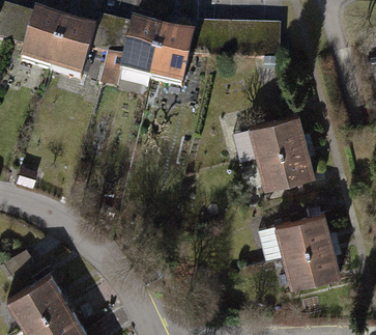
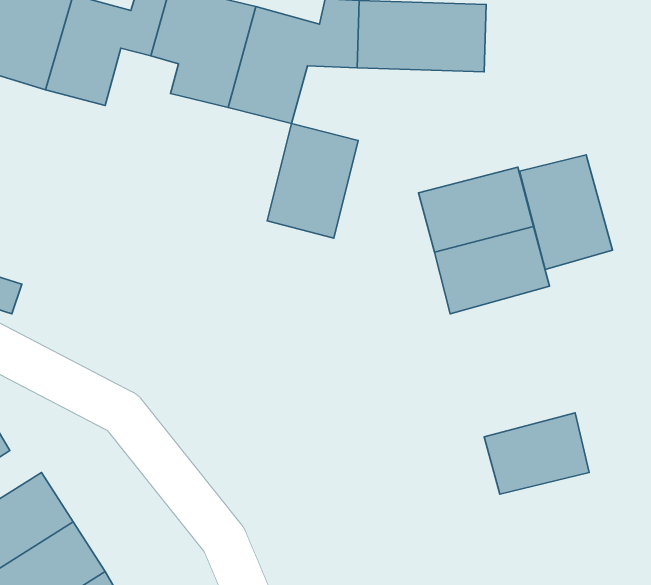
building: none -> [267,123,358,238]
building: none -> [520,155,613,270]
building: [273,212,328,254] -> none

